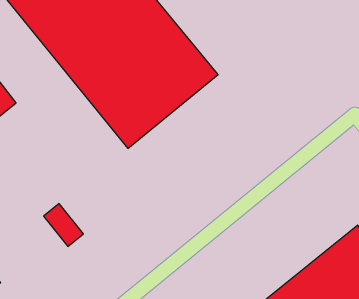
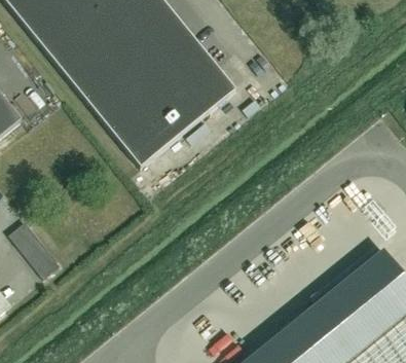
building: [44,204,83,246] -> [19,232,61,278]

